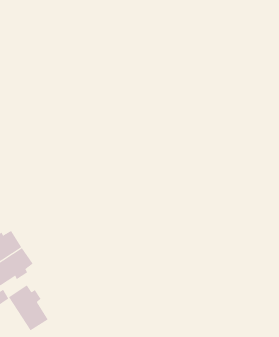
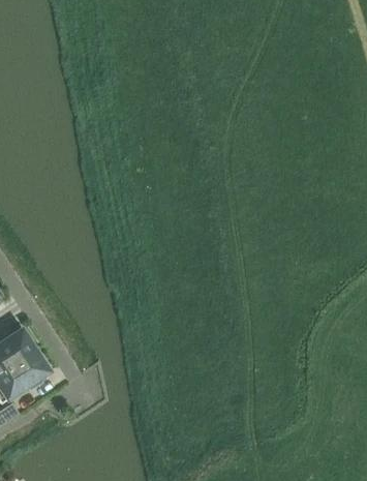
building: [8,285,48,331] -> none

